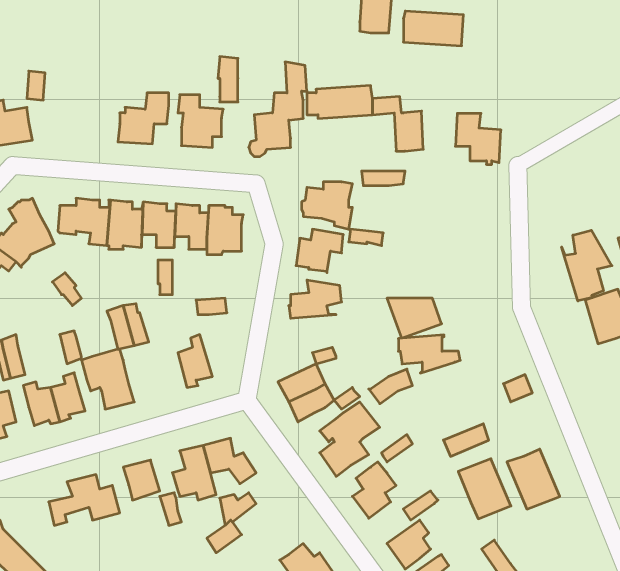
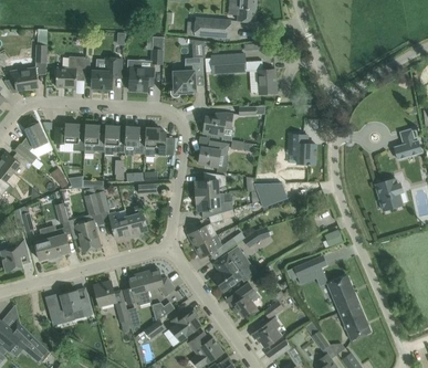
building: [403,11,463,46] -> [194,18,230,39]
building: none -> [55,56,85,88]
building: [455,113,501,164] -> [288,135,315,166]
building: [562,230,612,301] -> none
building: [398,335,460,373] -> [195,193,232,217]
building: none -> [107,210,132,240]
building: [458,459,511,519] -> [338,304,370,340]
building: none -> [168,312,200,343]

